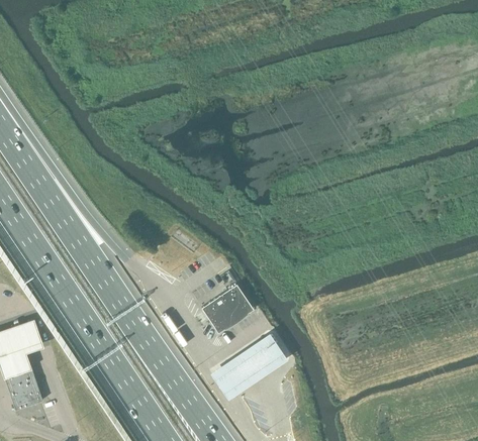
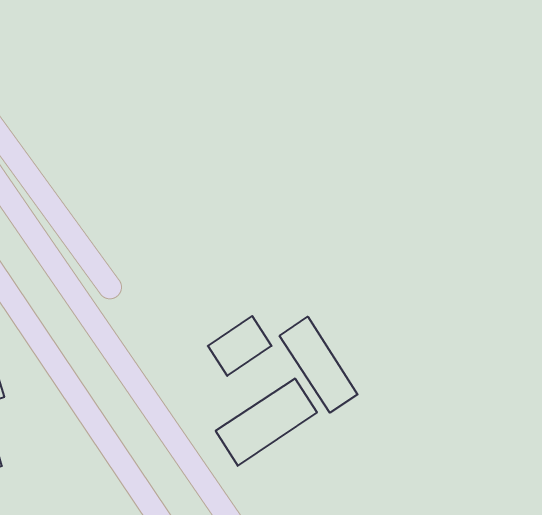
building: none -> [280,317,358,413]

